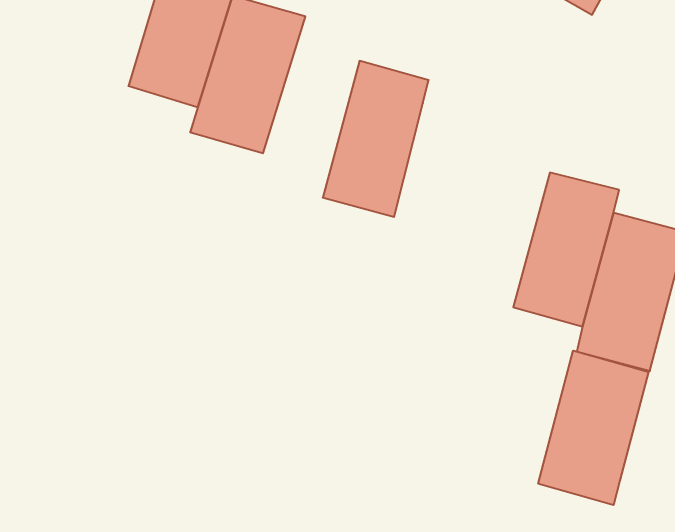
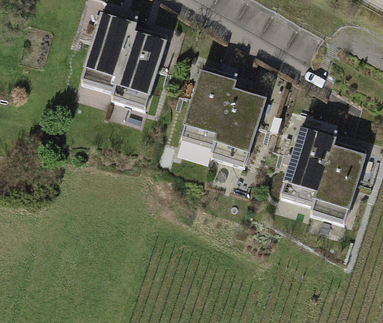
building: none -> [211,85,268,167]
building: [538,351,649,505] -> none

